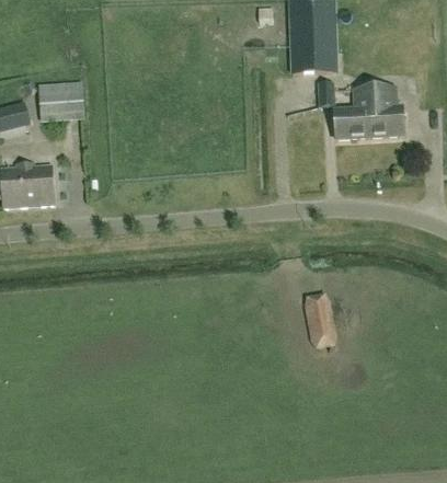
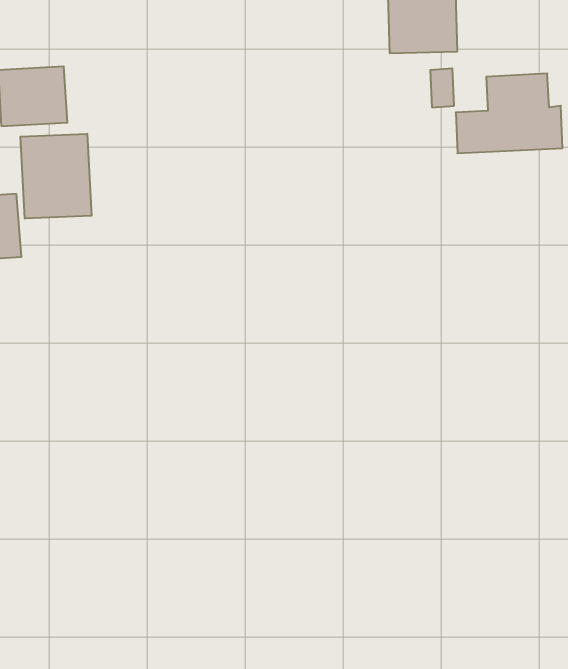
building: none -> [21,134,92,219]
building: [305,292,337,348] -> none

